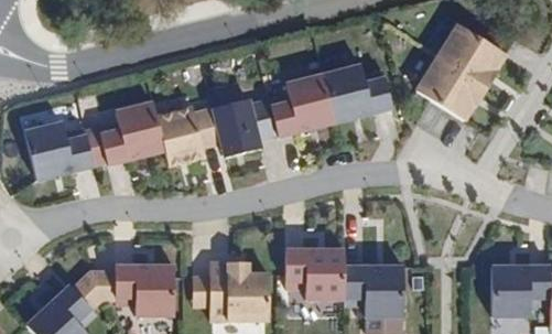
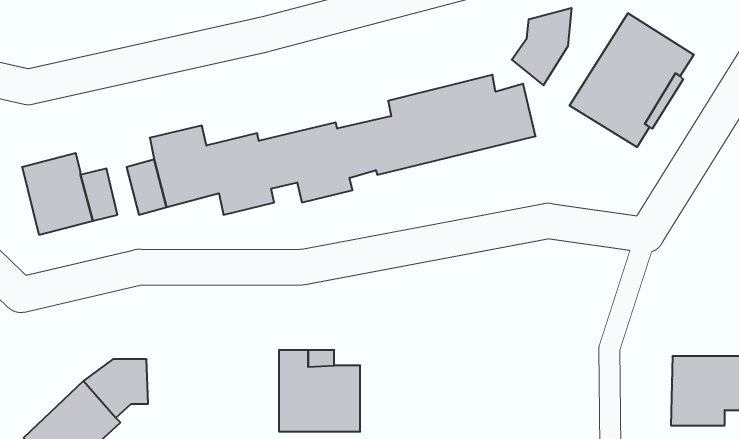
building: none -> [512,8,572,85]
building: [286,249,403,316] -> none
building: [116,266,175,316] -> none

